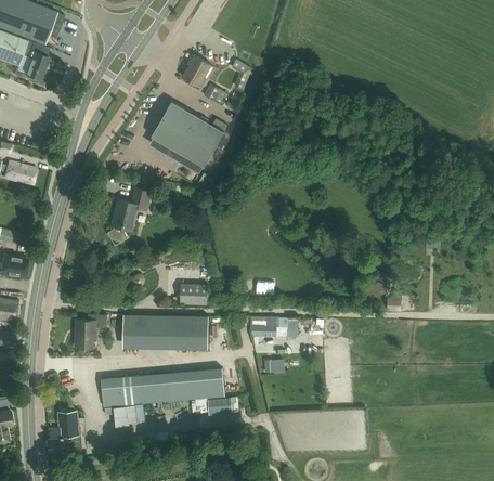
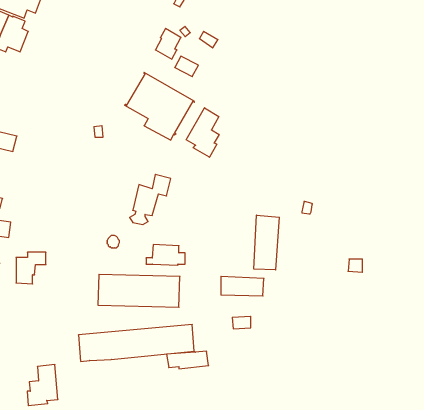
building: none -> [186,108,219,157]
building: [107,187,151,240] -> [130,174,171,225]
building: none -> [254,215,279,270]
building: [75,314,106,348] -> [16,252,46,284]
building: [113,404,136,427] -> none

